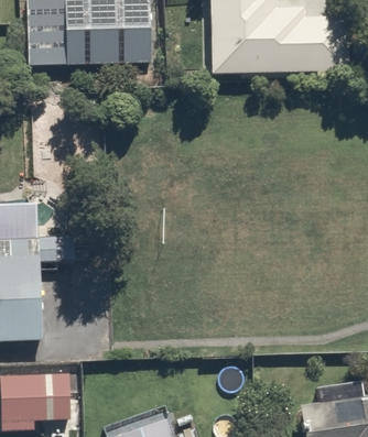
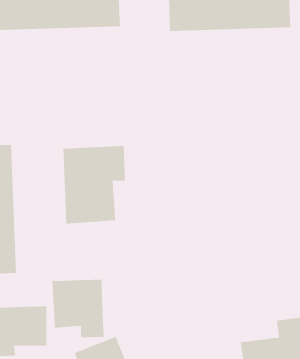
building: none -> [63,145,125,224]
building: none -> [52,279,104,338]

